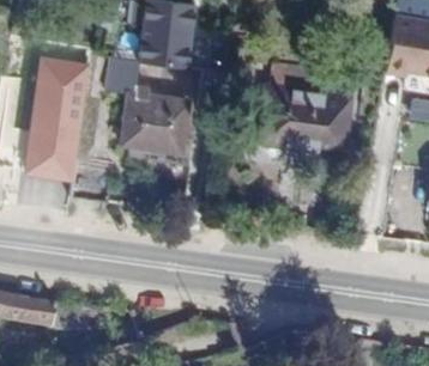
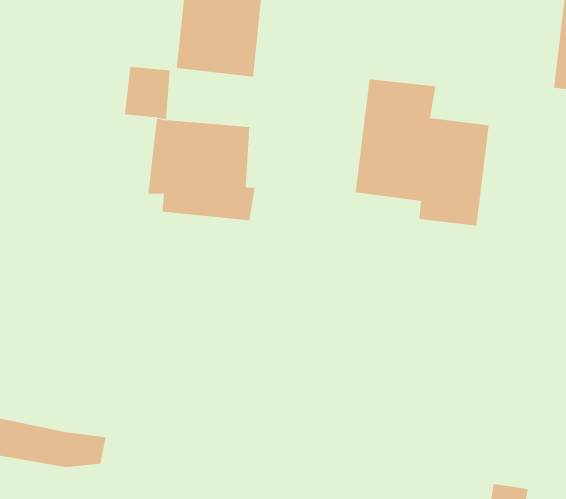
building: [25,56,91,181] -> none

